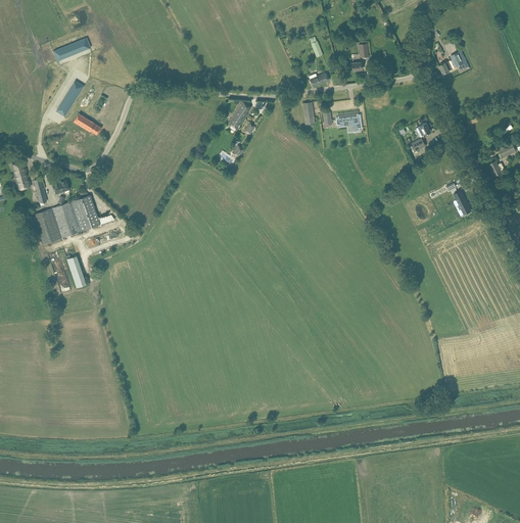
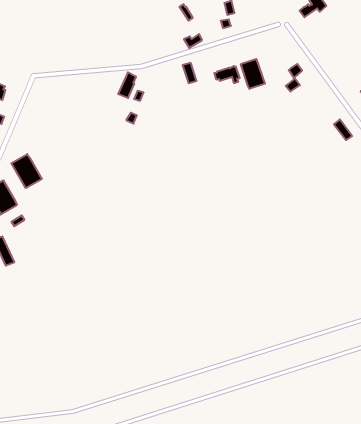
building: none -> [241,59,265,89]
building: none -> [11,154,42,188]

